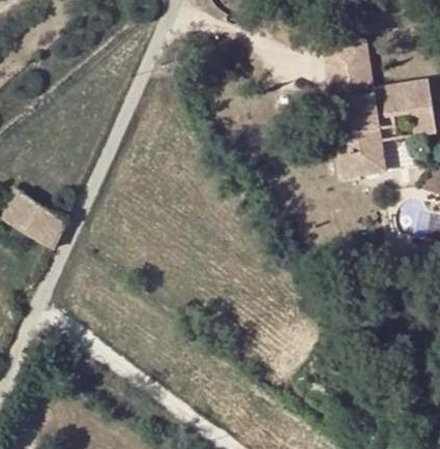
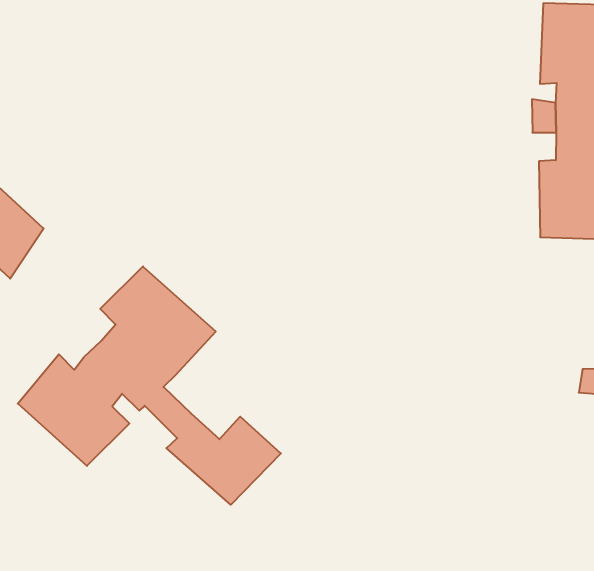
building: none -> [18,266,281,505]

